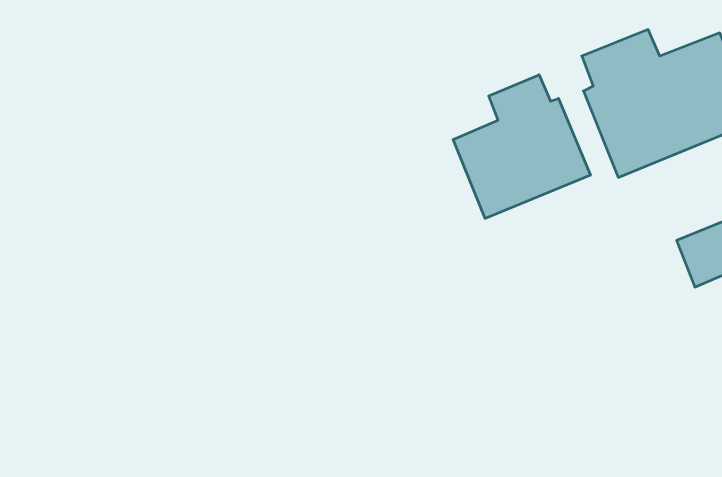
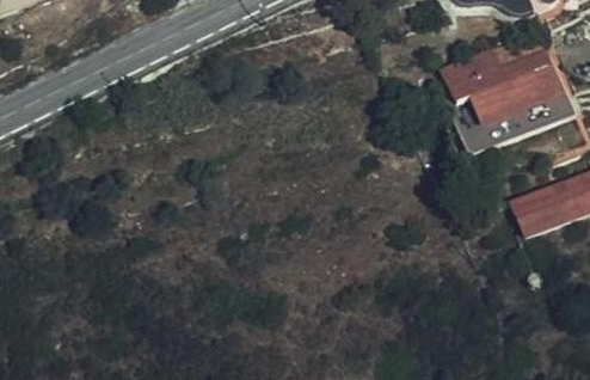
building: [453,75,590,218] -> none

